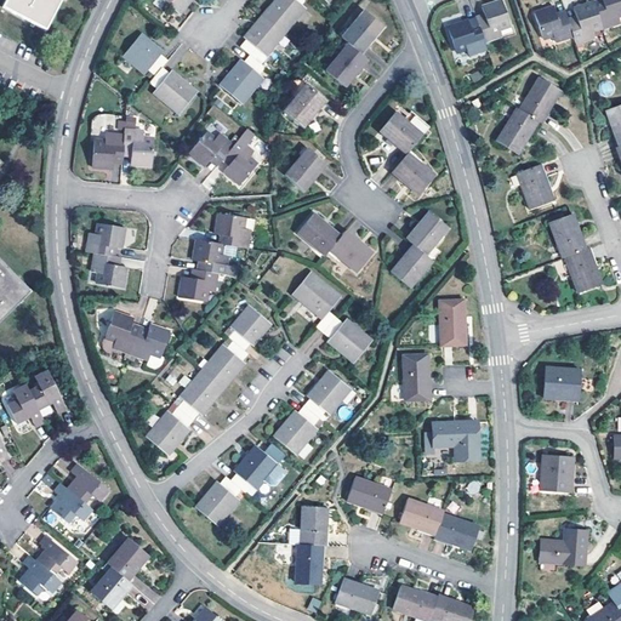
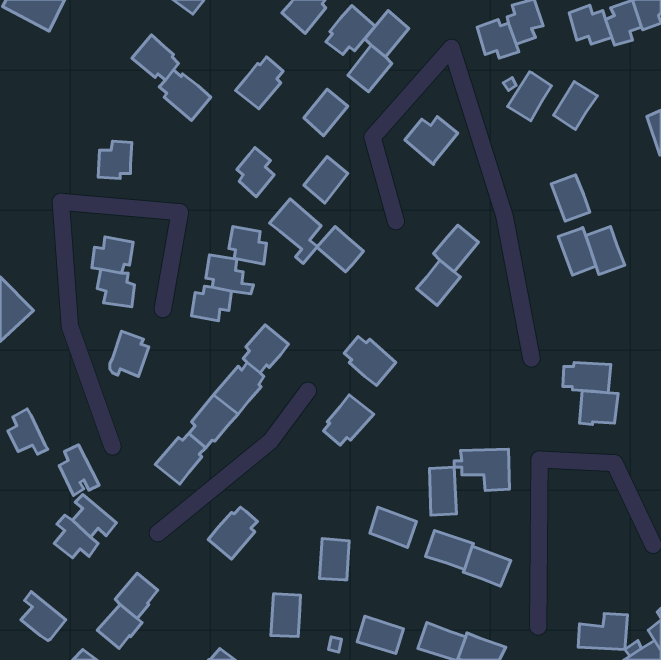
building: [240,12,286,58] -> [326,5,375,55]
building: [496,107,537,153] -> [507,72,551,121]
building: [123,127,153,165] -> none
building: [189,131,234,166] -> none
building: [392,152,434,194] -> none
building: [330,229,374,272] -> none
building: [565,247,600,292] -> [558,227,596,275]
building: [291,270,340,331] -> [270,199,321,263]
building: [439,301,465,344] -> none
building: [130,323,170,359] -> none
building: none -> [563,362,611,393]
building: [403,354,428,399] -> [429,467,457,515]
building: [29,370,67,417] -> [59,445,99,495]
building: [273,404,319,454] -> none
building: [230,445,286,492] -> none
building: [539,454,572,491] -> none
building: [540,529,586,563] -> [578,613,627,650]
building: [36,535,78,575] -> none
building: [295,542,323,582] -> [271,594,301,637]

